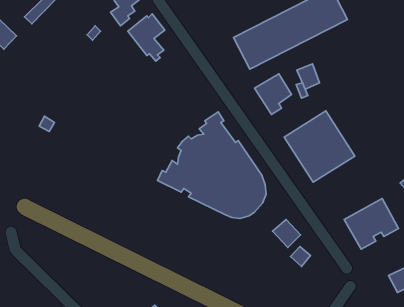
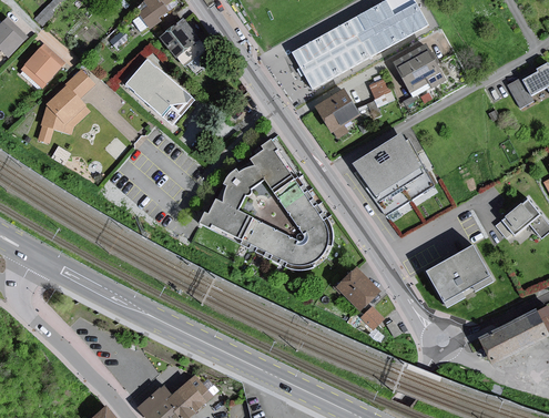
building: none -> [20,47,64,86]
building: none -> [394,48,443,101]
building: none -> [123,54,195,123]
building: none -> [35,72,95,145]

